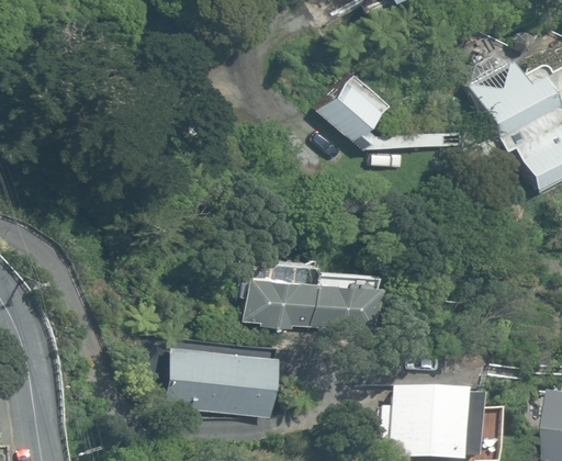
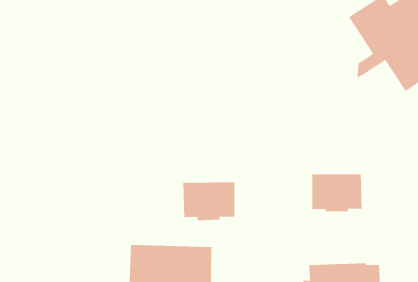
building: [322,72,391,149] -> none
building: [312,280,378,330] -> [311,174,363,212]

